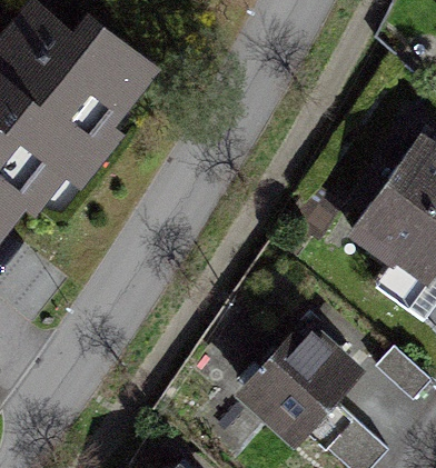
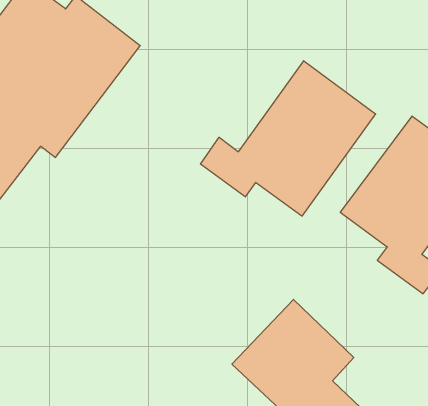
building: none -> [200,61,376,216]

